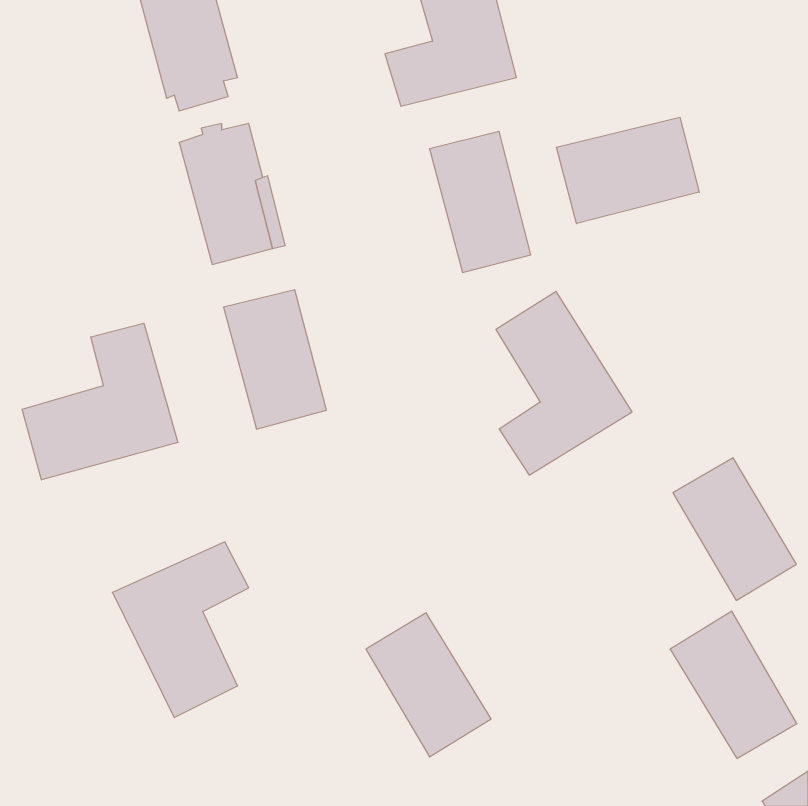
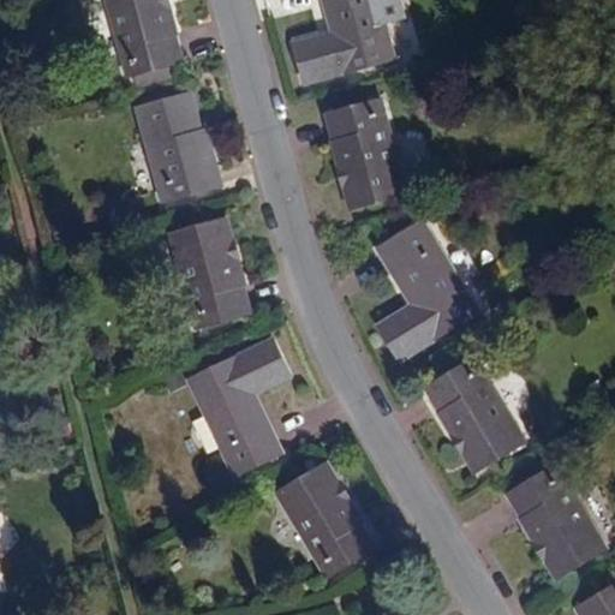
building: [557,117,699,224] -> none
building: [22,323,178,480] -> none
building: [673,458,796,600] -> [428,359,521,467]
building: [112,542,249,718] -> [185,340,288,473]

